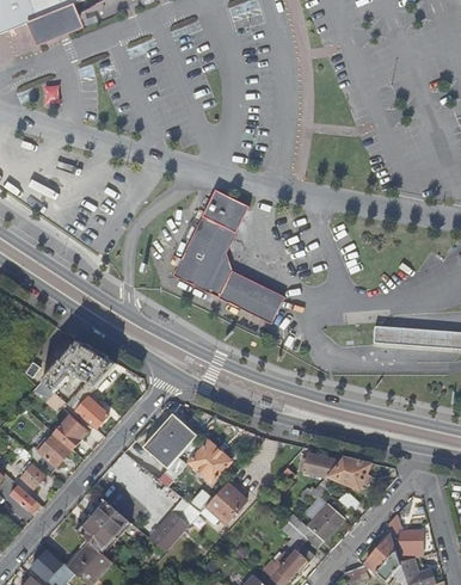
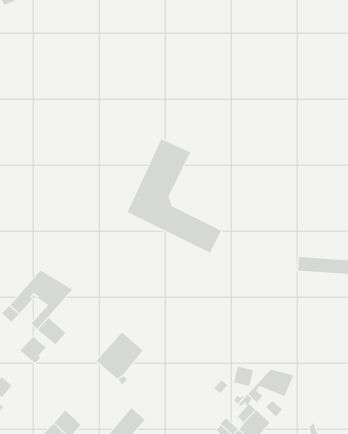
building: [37,433,70,472] -> none
building: [189,441,230,481] -> none
building: [204,482,245,524] -> none

